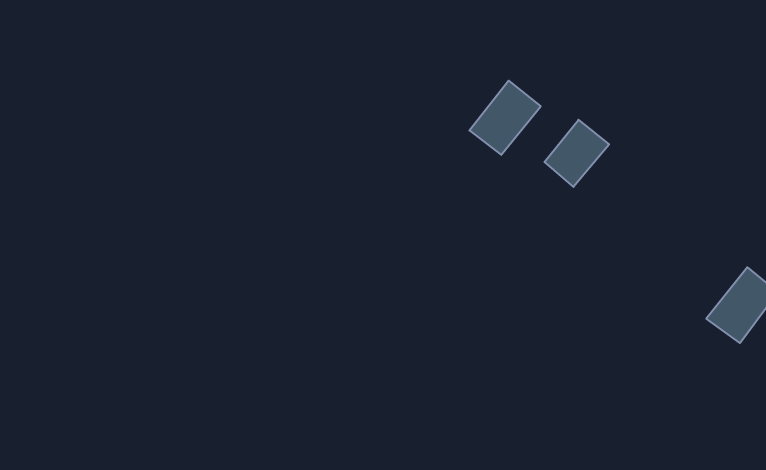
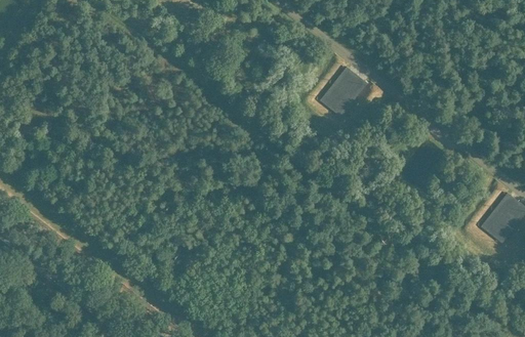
building: [544,120,609,187] -> none

